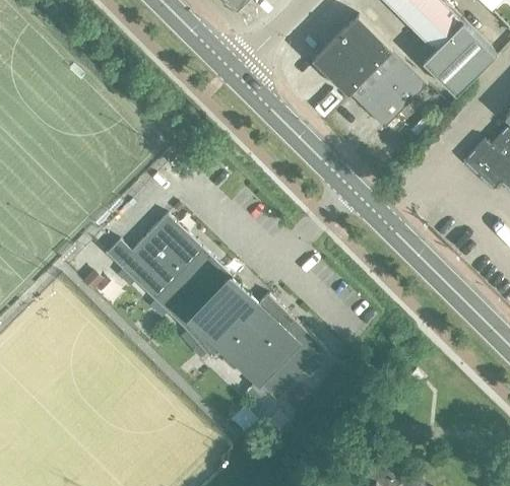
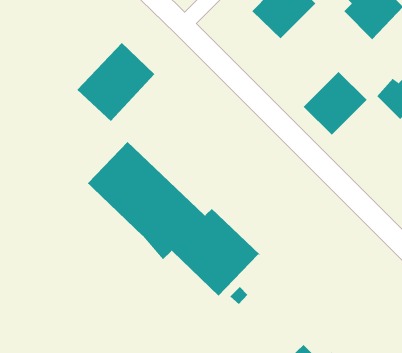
building: [348,50,426,127] -> [303,71,368,136]
building: none -> [76,42,155,122]

